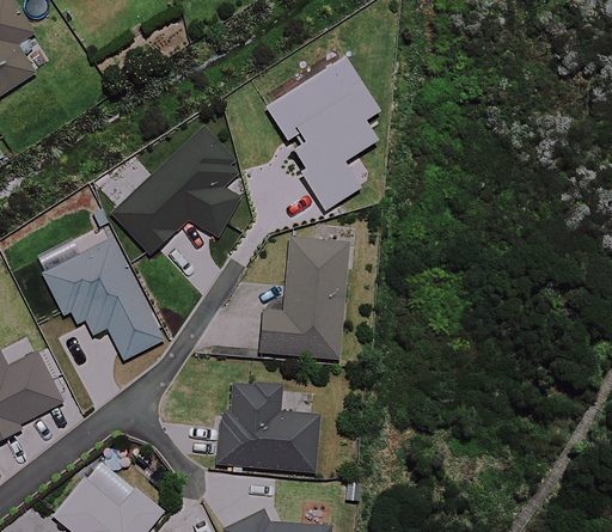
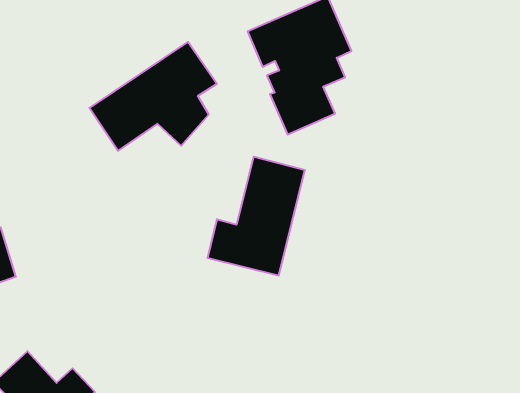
building: [43,238,163,357] -> none
building: [216,383,317,471] -> none

